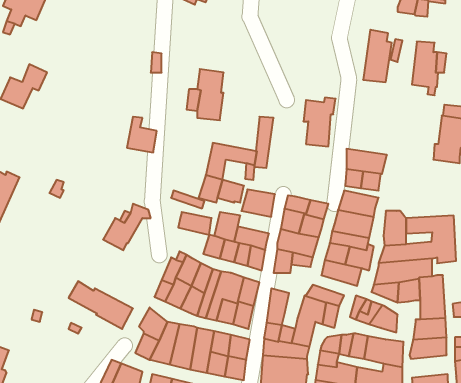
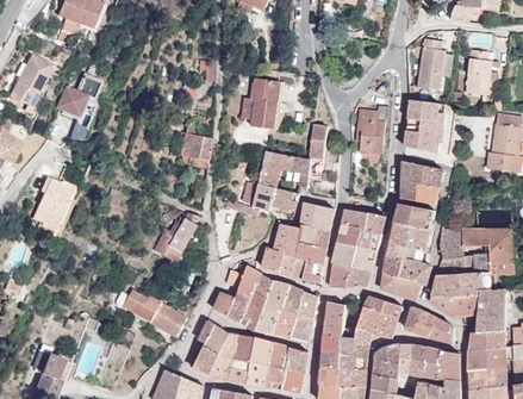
building: none -> [406,101,446,155]
building: [178,212,212,235] -> [293,220,326,243]
building: none -> [466,364,503,387]

